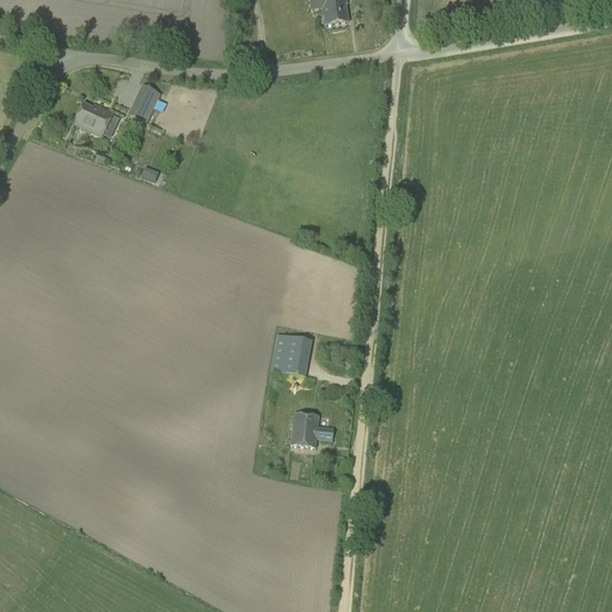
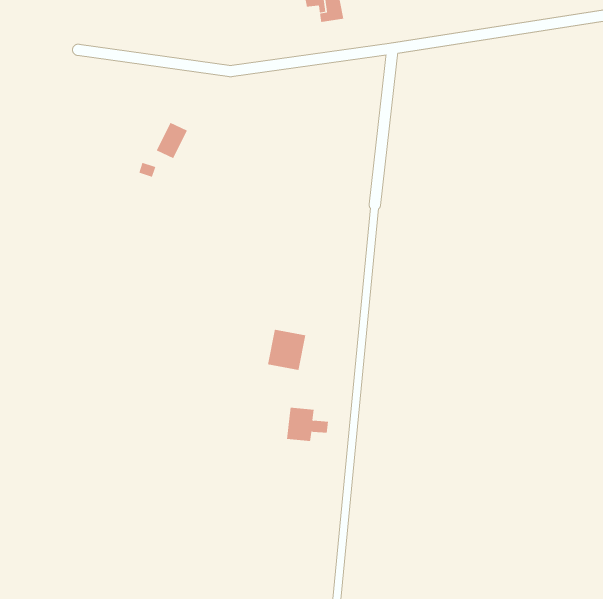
building: [129,84,161,121] -> [156,122,188,159]
building: [75,102,112,134] -> none

